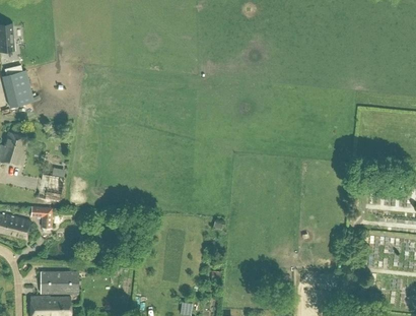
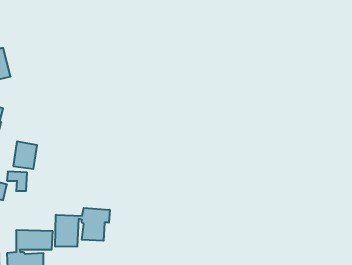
building: none -> [55,208,110,247]

